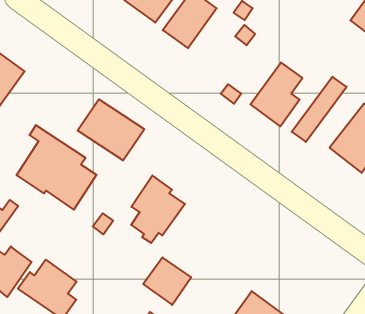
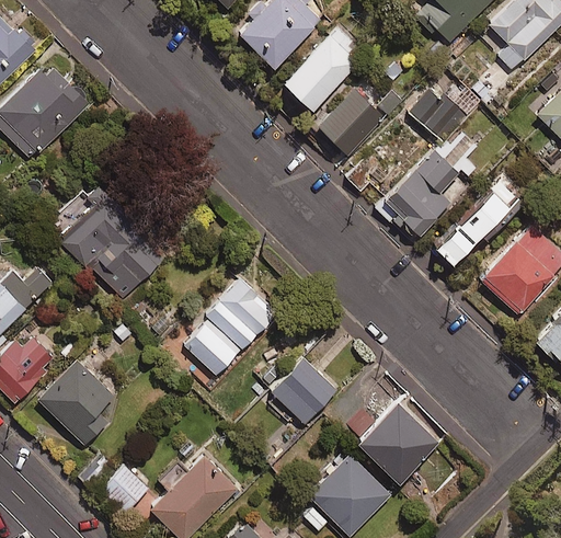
building: none -> [408,89,465,140]
building: none -> [316,85,386,156]
building: [78,99,144,161] -> none
building: none -> [357,401,439,483]
building: [143,257,191,305] -> [271,358,336,424]

